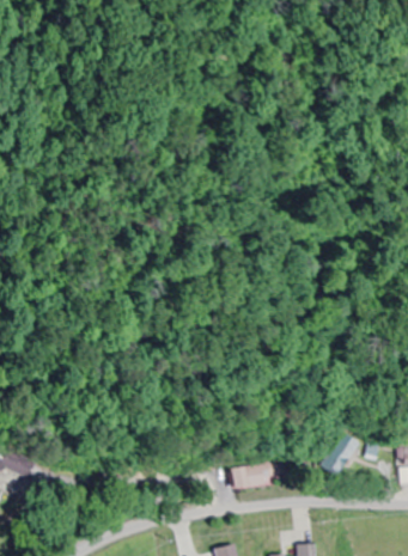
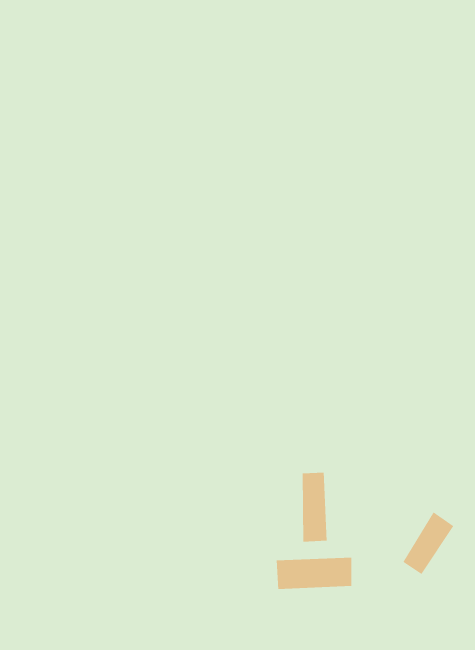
building: none -> [302,472,327,543]

